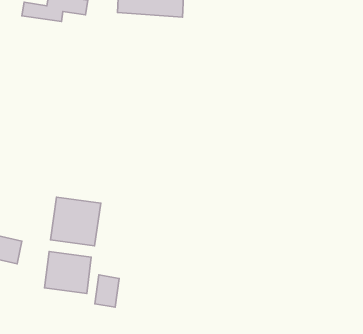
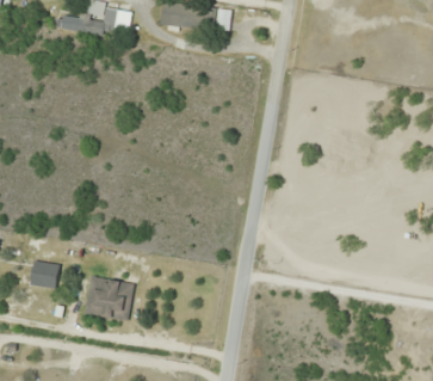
building: [50,197,101,246] -> none
building: [95,275,119,307] -> none

